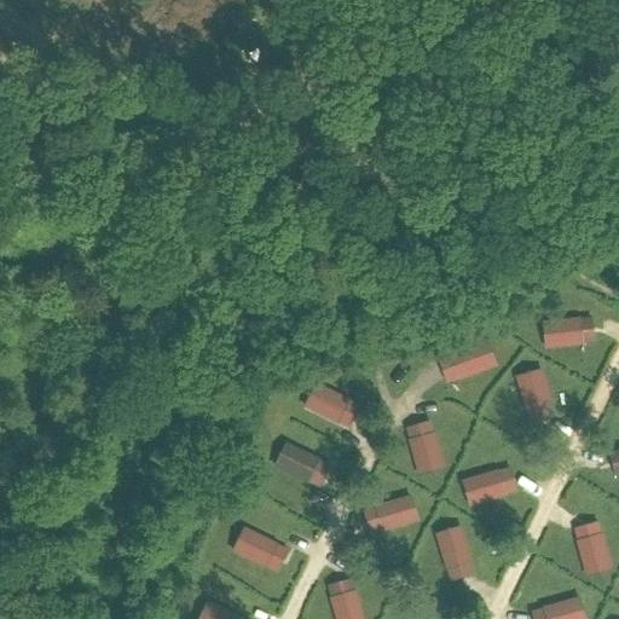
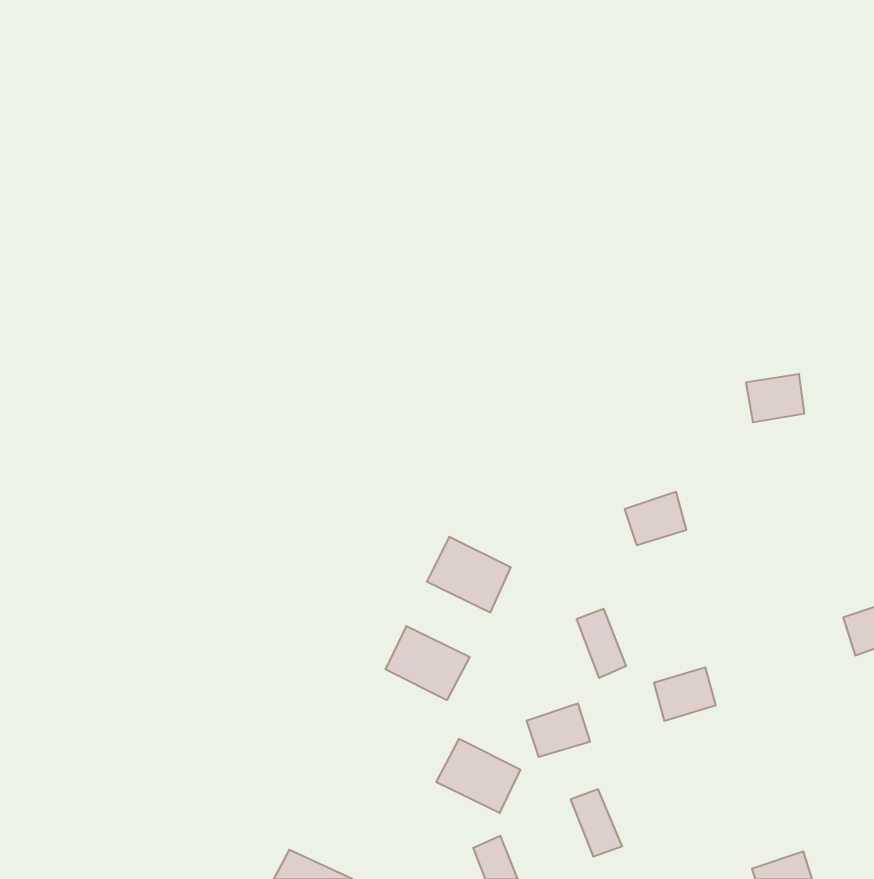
building: [549,318,590,352] -> [746,374,804,422]
building: [514,370,549,418] -> none
building: [228,523,288,575] -> [436,739,521,813]
building: [579,527,612,575] -> none
building: [439,531,475,578] -> [571,789,622,856]

